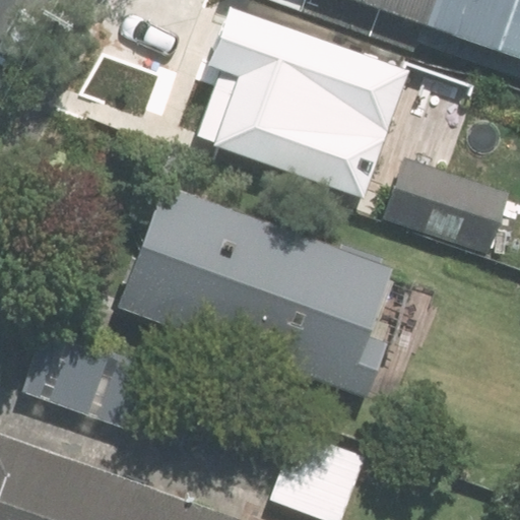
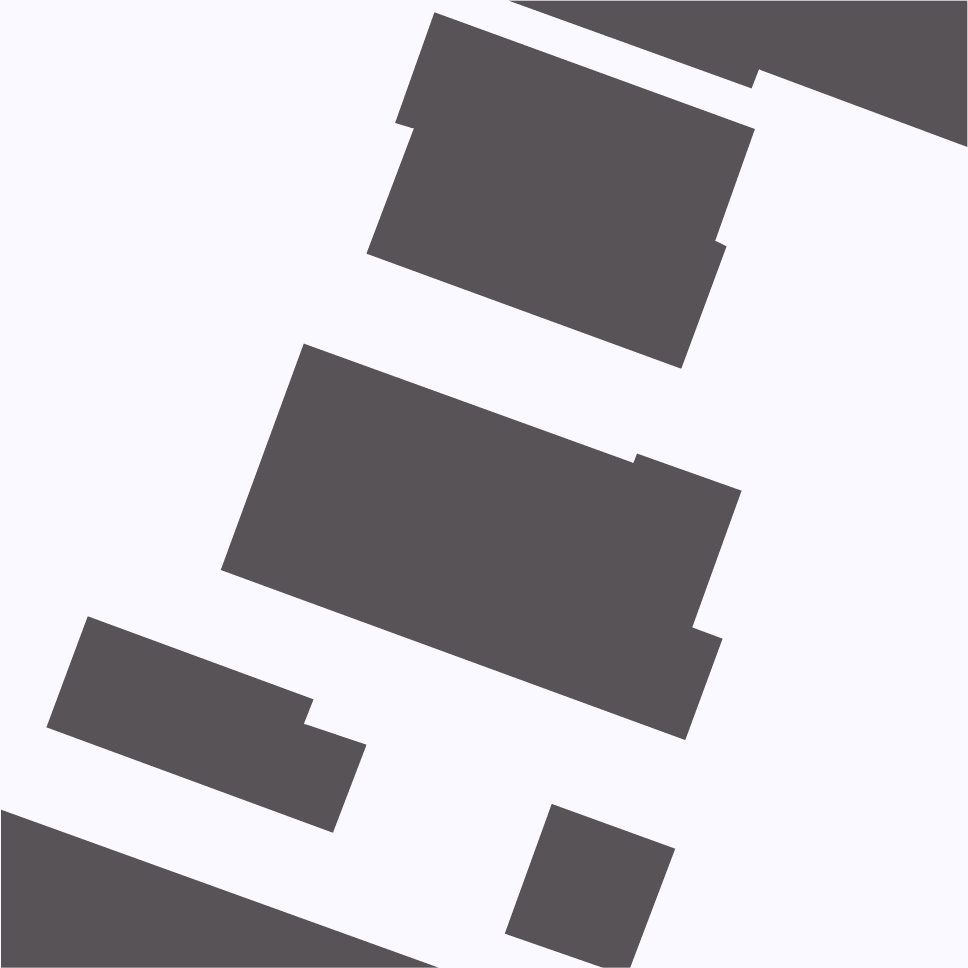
building: [386,167,503,253] -> none

